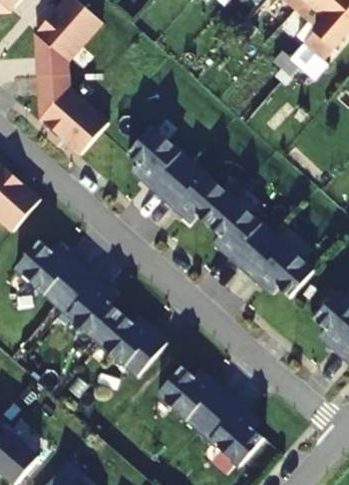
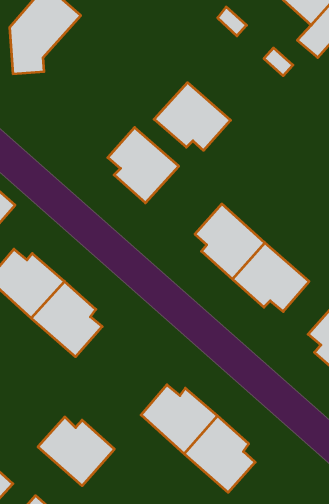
building: [38,73,107,153] -> none
building: [161,161,233,224] -> [154,83,231,150]
building: [96,311,167,375] -> [38,417,114,486]

